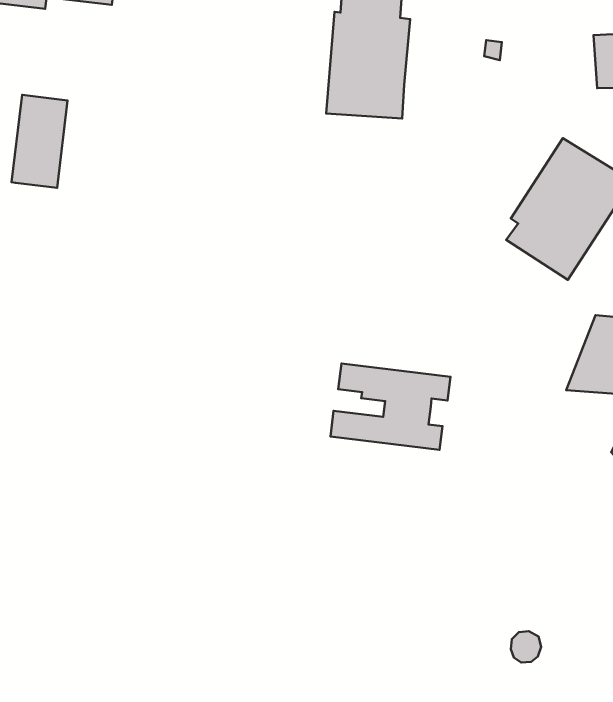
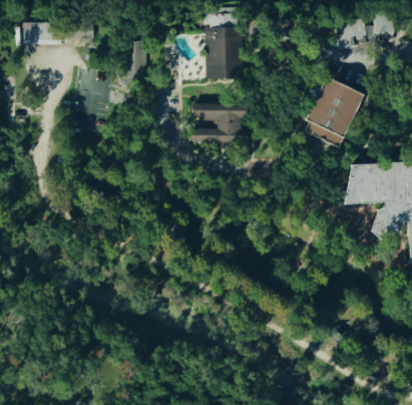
building: [11,95,68,188] -> [123,41,146,85]
building: [330,363,450,450] -> [191,104,248,141]

